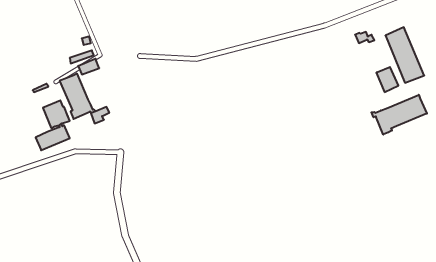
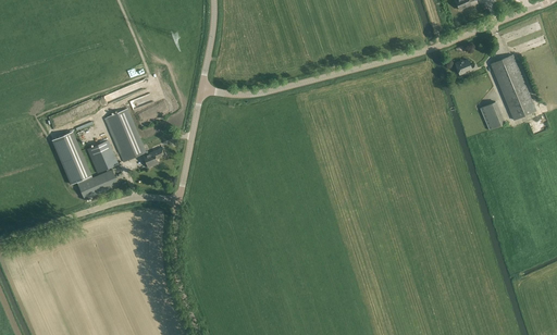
building: none -> [50,132,91,185]
building: [371,95,427,135] -> none

